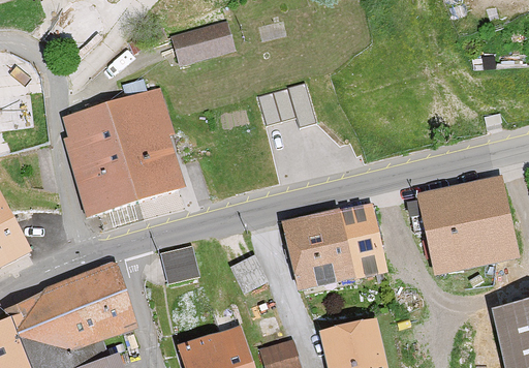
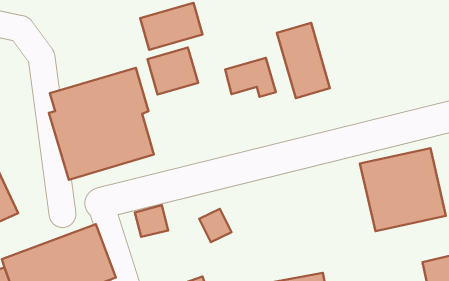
building: none -> [277,23,330,98]
building: none -> [147,48,198,94]
building: [281,203,385,290] -> none

